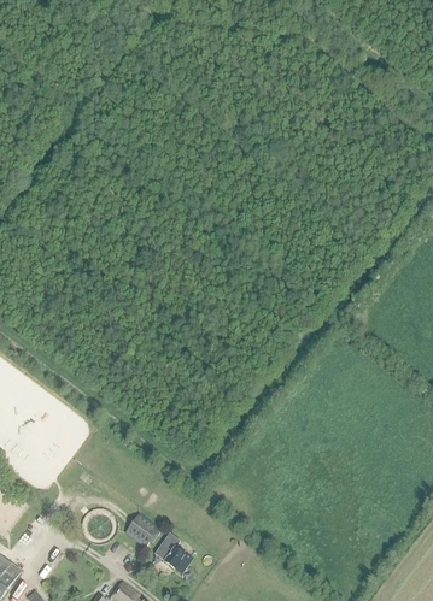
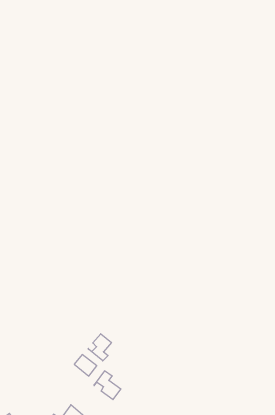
building: none -> [88,334,111,361]

